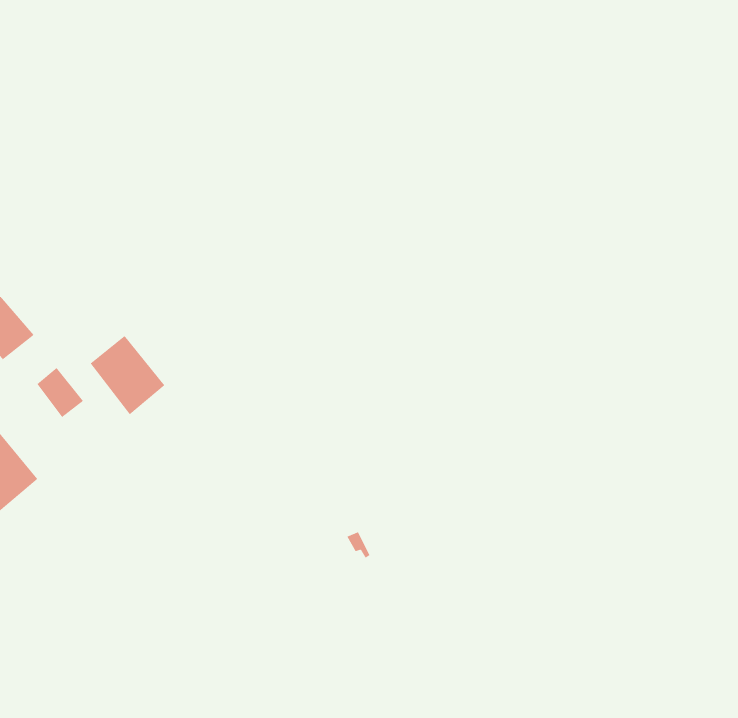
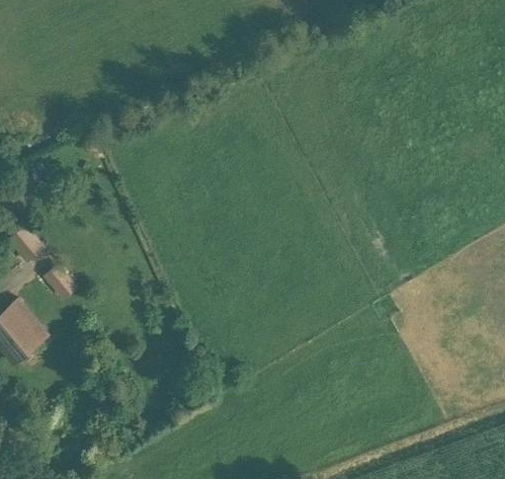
building: [90,335,165,415] -> none

